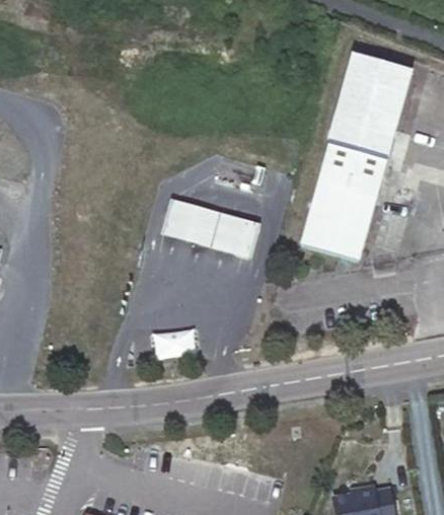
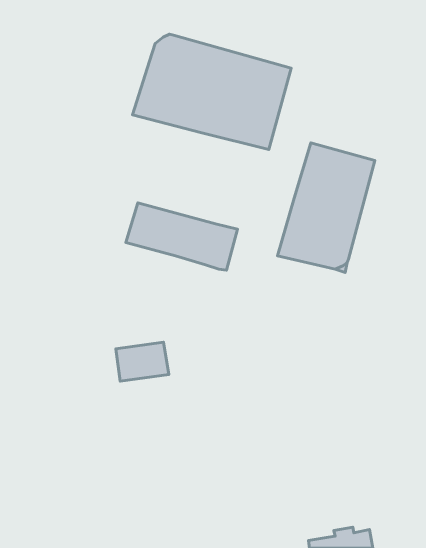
building: none -> [132,34,291,149]
building: [328,47,413,159] -> none

